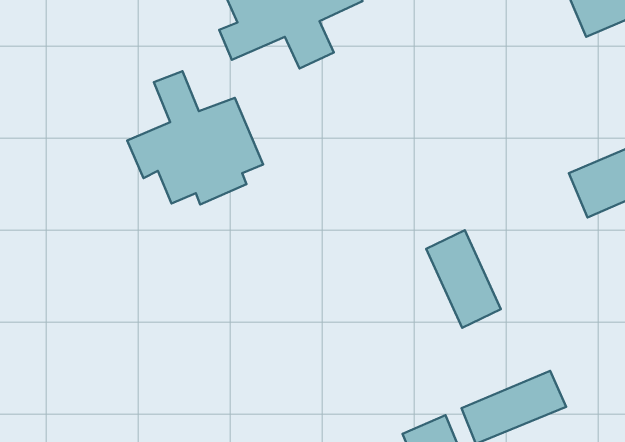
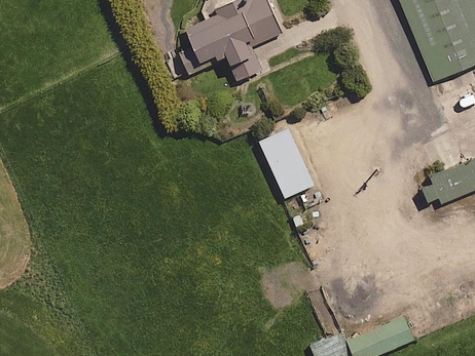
building: [127,71,263,204] -> none
building: [426,230,501,328] -> [260,130,314,200]

